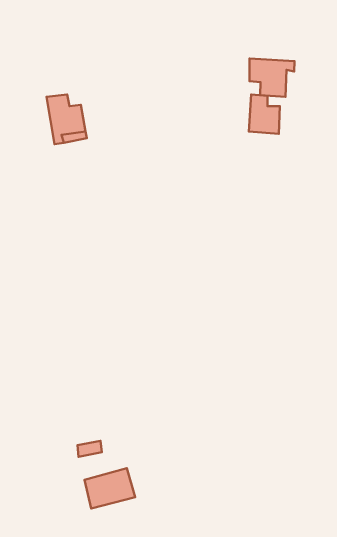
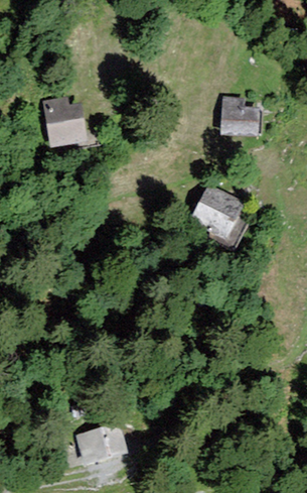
building: [249,58,294,97] -> none
building: none -> [192,187,236,234]

